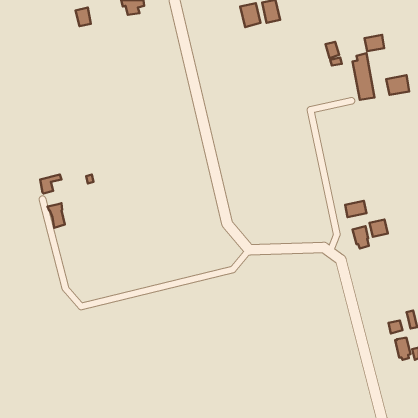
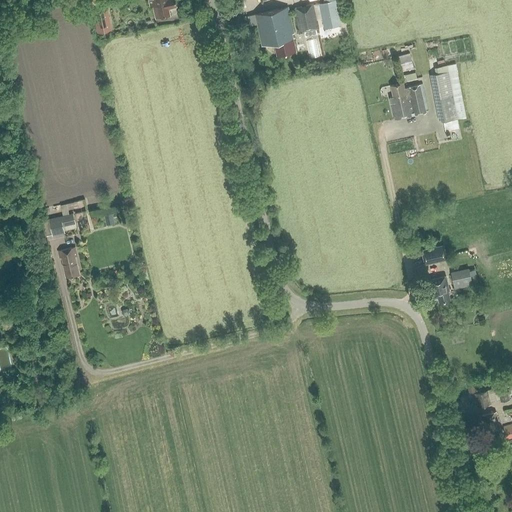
building: none -> [250,8,297,57]
building: [364,35,384,51] -> none
building: none -> [391,84,428,120]
building: [386,75,409,95] -> none

